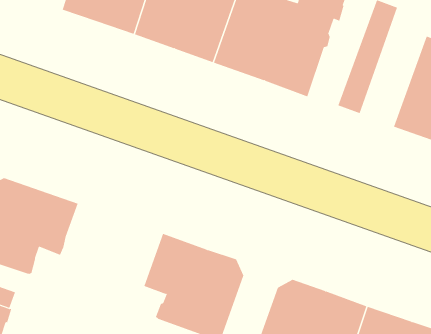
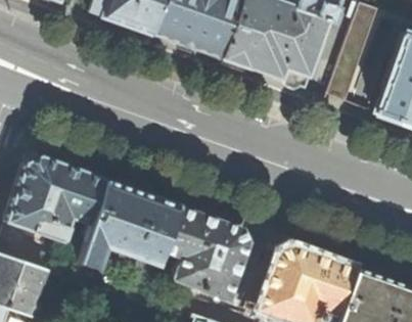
building: none -> [76,180,177,269]

